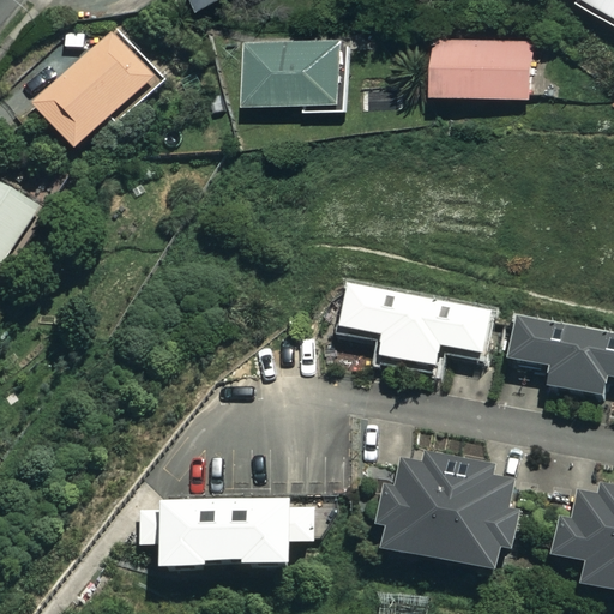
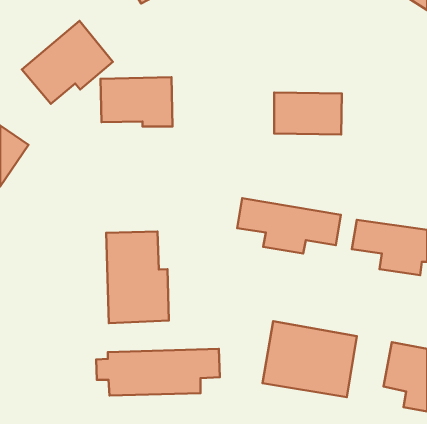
building: [437,32,534,92] -> [274,93,342,134]
building: [246,36,349,107] -> [101,77,172,126]
building: none -> [106,232,169,323]

